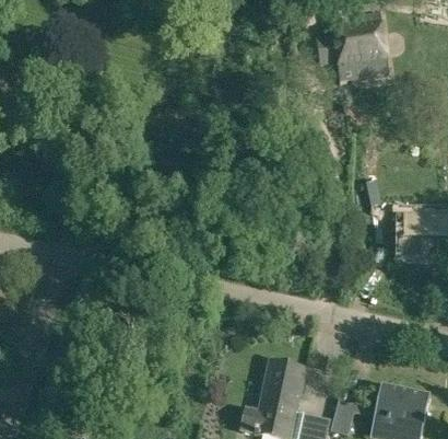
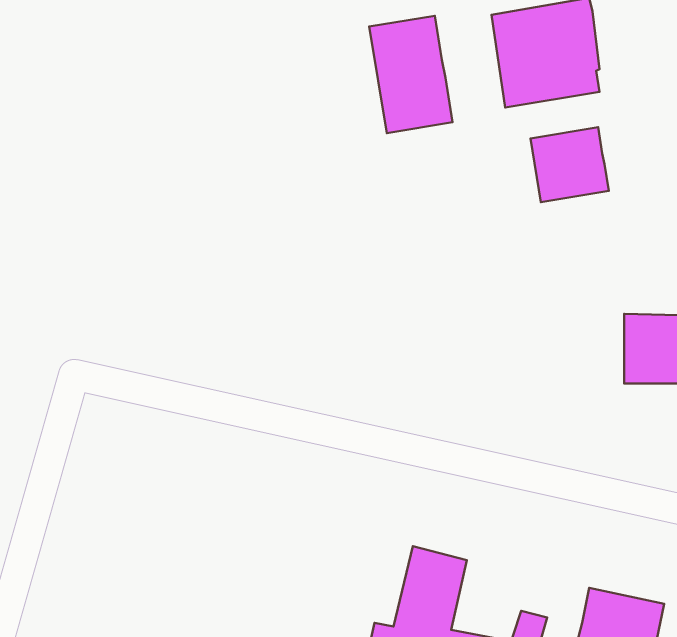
building: none -> [369,16,453,133]
building: none -> [530,127,609,202]

